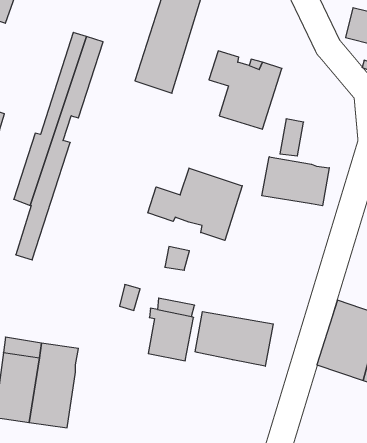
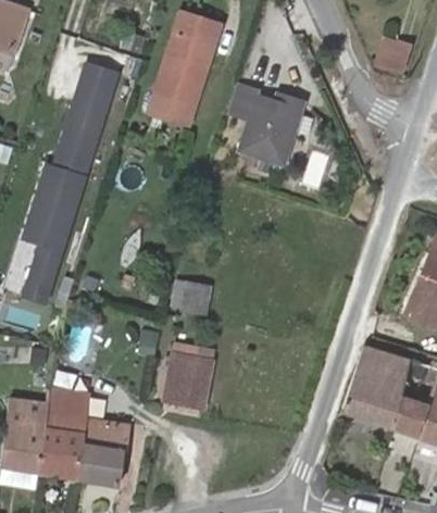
building: [262,157,329,206] -> none
building: [148,168,242,240] -> none
building: [195,312,273,366] -> none
building: none -> [78,421,128,486]

